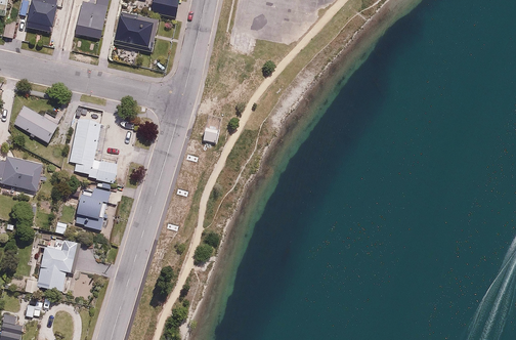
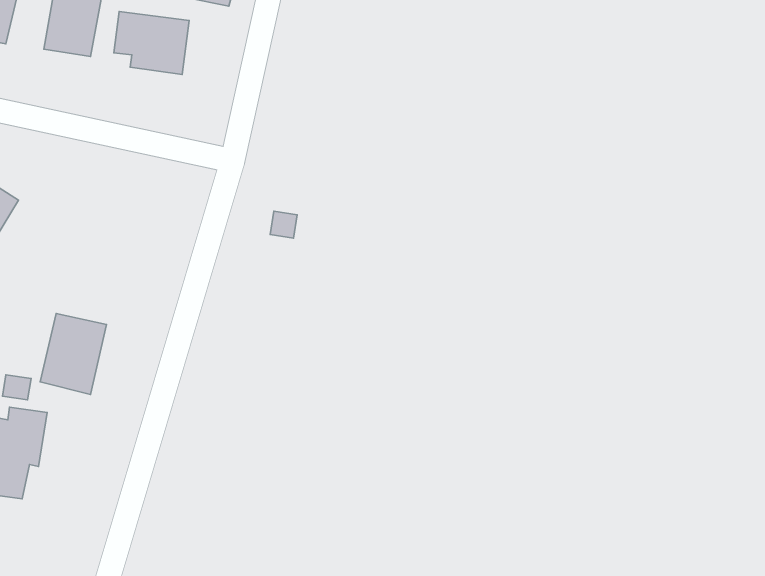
building: [69,118,119,183] -> none

